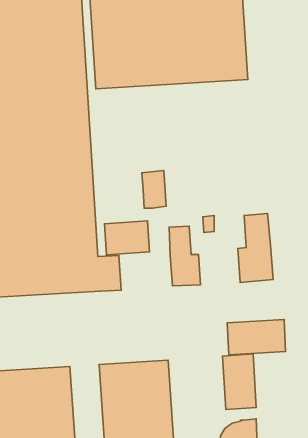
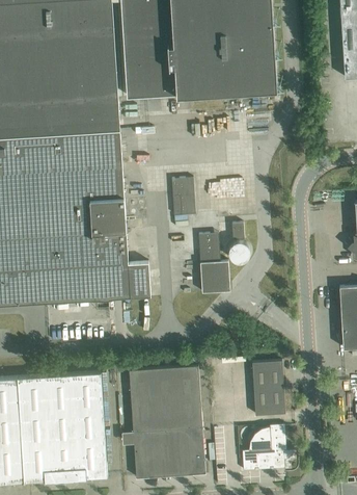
building: [238,214,273,283] -> none
building: [105,221,149,255] -> none
building: [227,319,286,355] -> none

